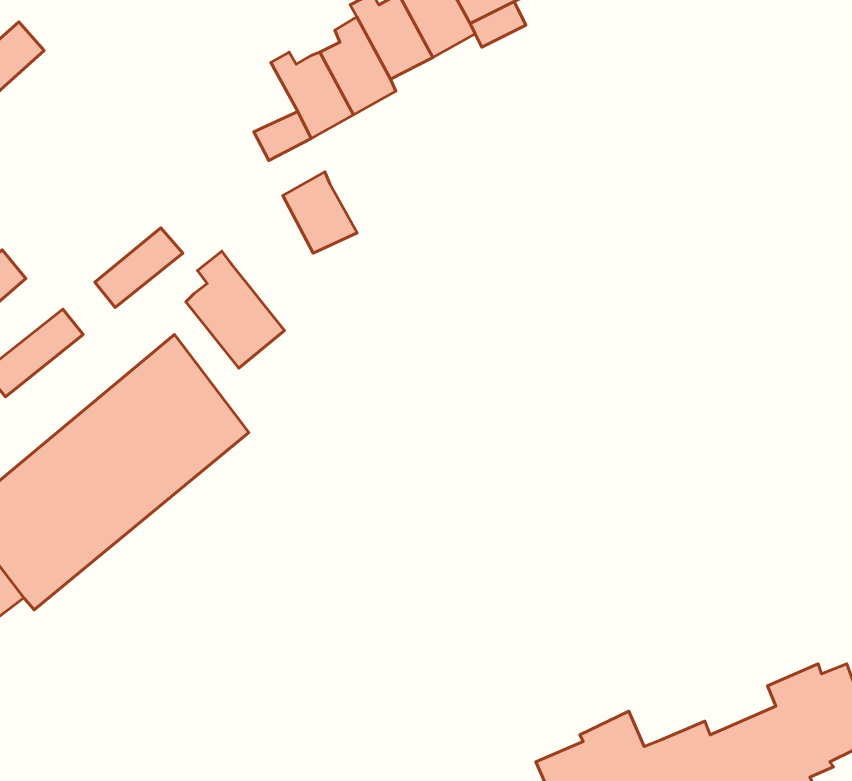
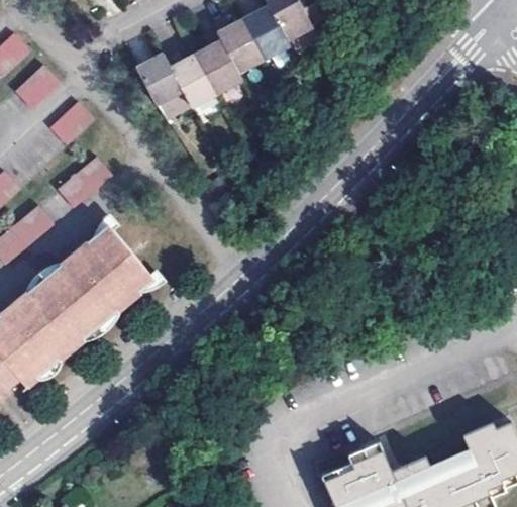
building: none -> [12,66,56,107]
building: none -> [49,107,93,148]
building: [283,172,357,253] -> [136,55,181,103]
building: [186,251,285,368] -> none

